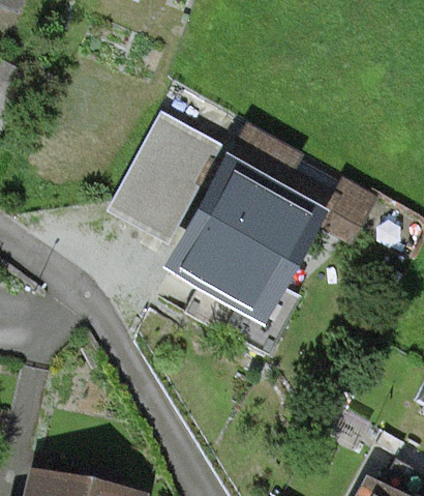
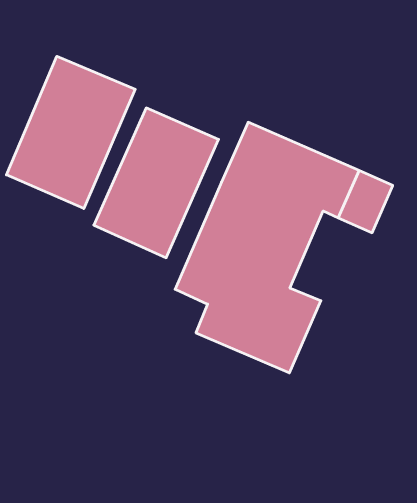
building: none -> [6,56,135,209]

